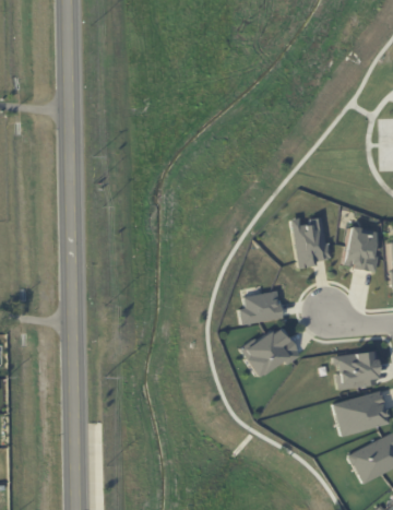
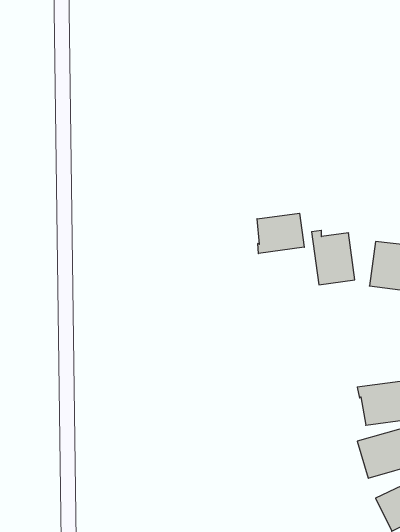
building: none -> [257,213,304,254]
building: [240,290,284,325] -> none
building: [245,325,300,378] -> none

